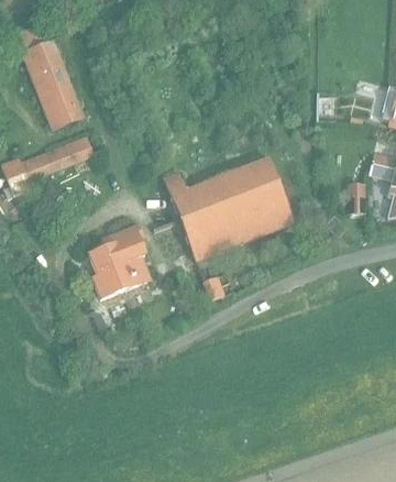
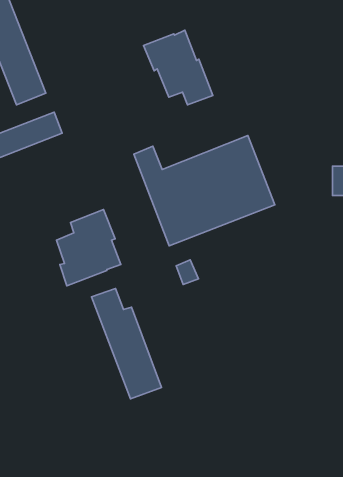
building: none -> [144,30,213,105]
building: none -> [92,288,162,399]

